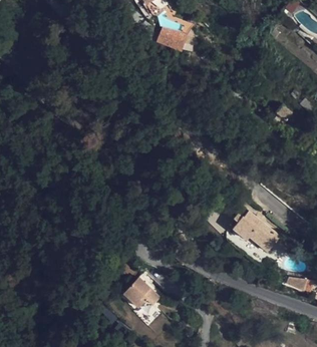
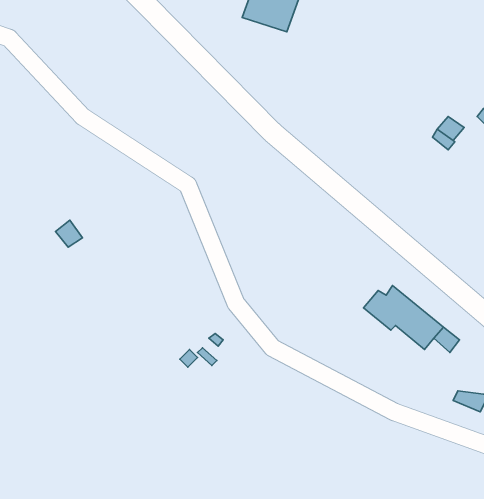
building: [123,277,158,306] -> none

